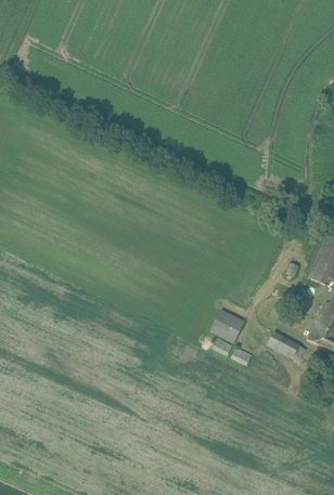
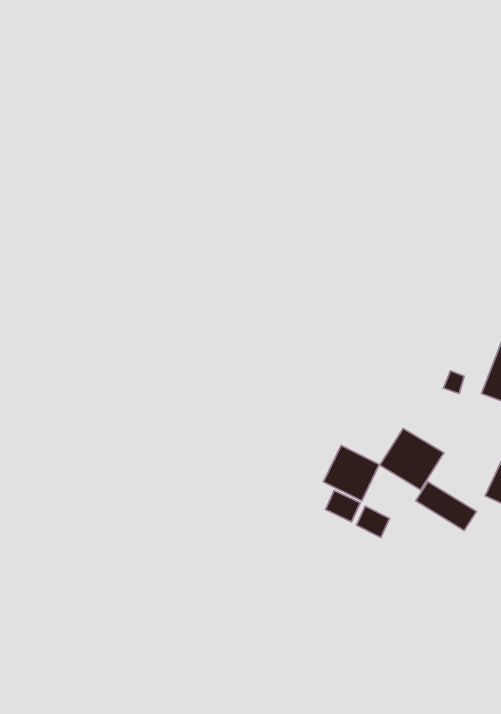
building: none -> [380,428,444,490]

